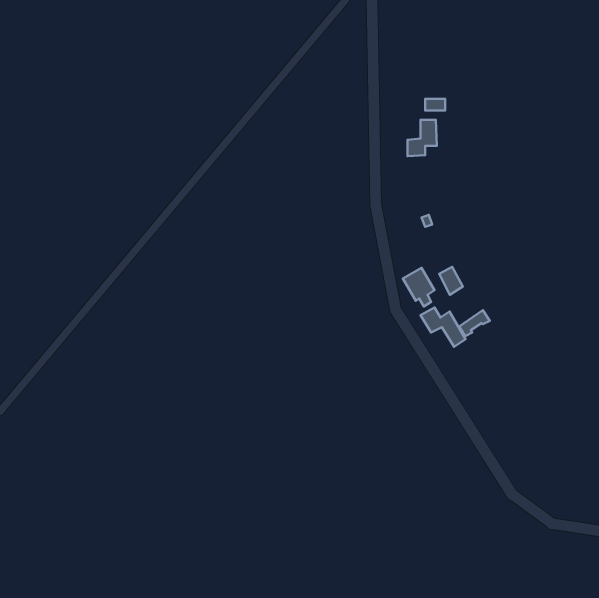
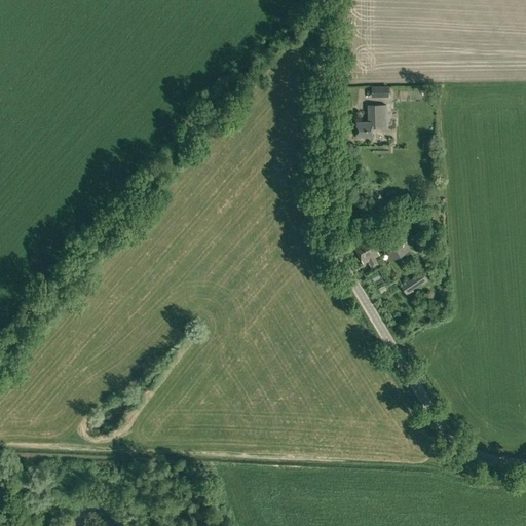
building: [420,308,465,347] -> none

